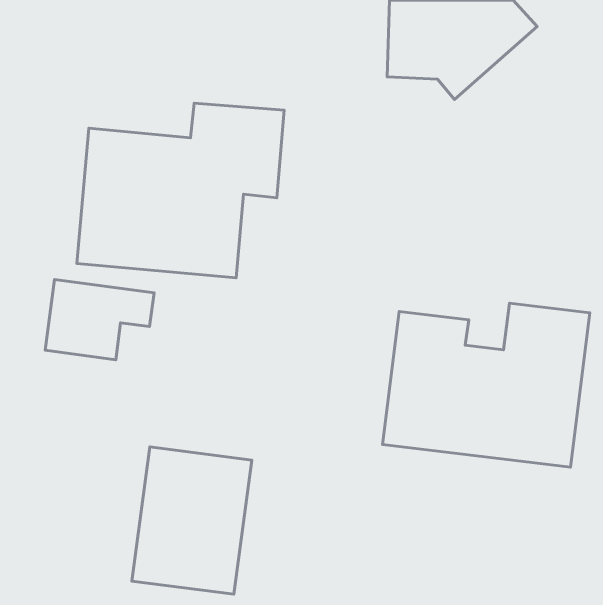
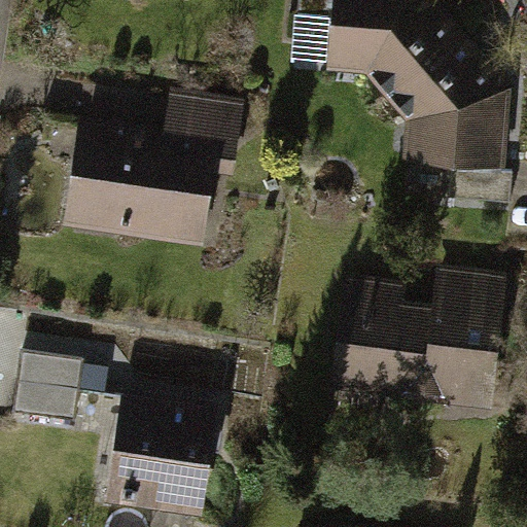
building: none -> [390,29,513,162]
building: [45,280,154,360] -> [12,357,106,426]

